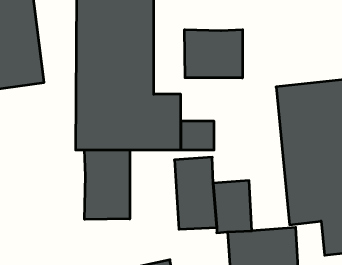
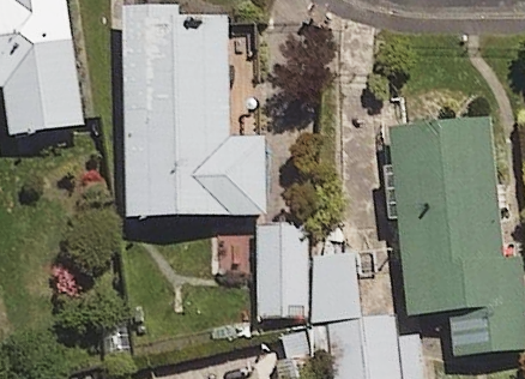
building: [185,30,243,78] -> none
building: [85,150,130,219] -> none

